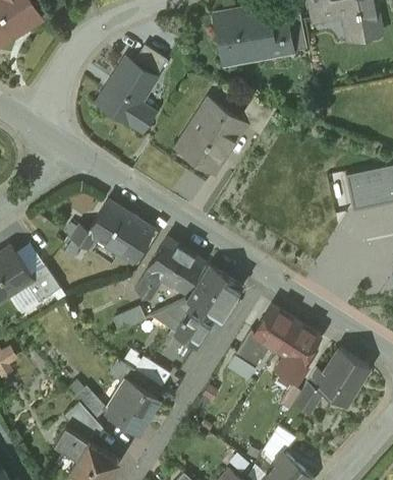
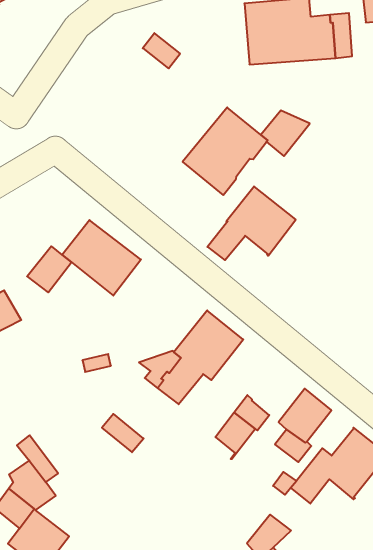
building: [97,59,155,131] -> none
building: [133,240,203,302] -> [207,186,296,260]
building: [254,307,295,351] -> none
building: [106,379,157,432] -> none

